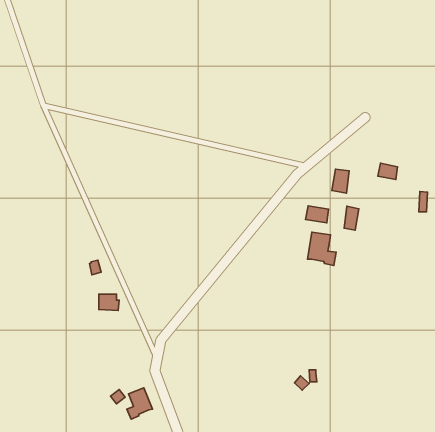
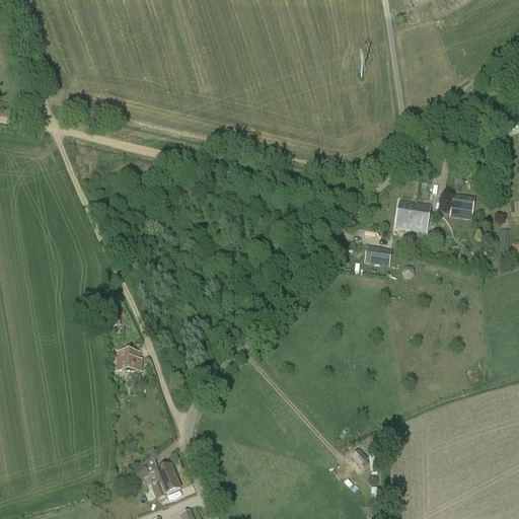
building: [344,206,359,230] -> [413,204,430,232]
building: [307,232,336,265] -> none

